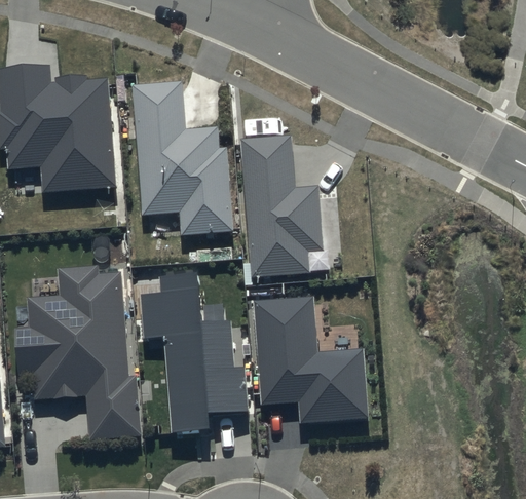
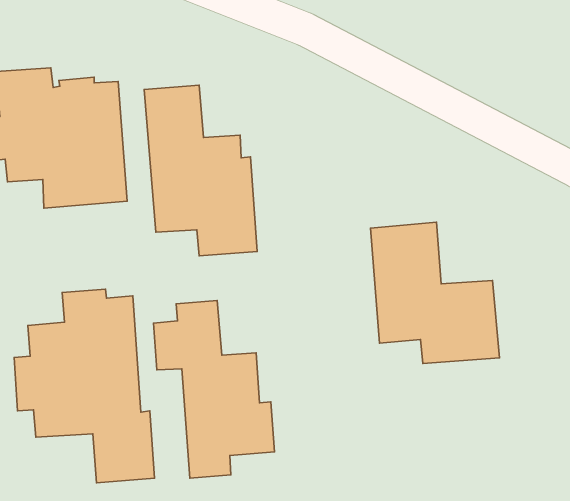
building: [240,133,323,277] -> none
building: [253,296,369,423] -> [370,222,499,364]

